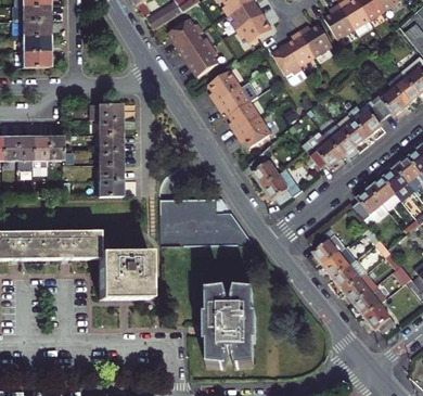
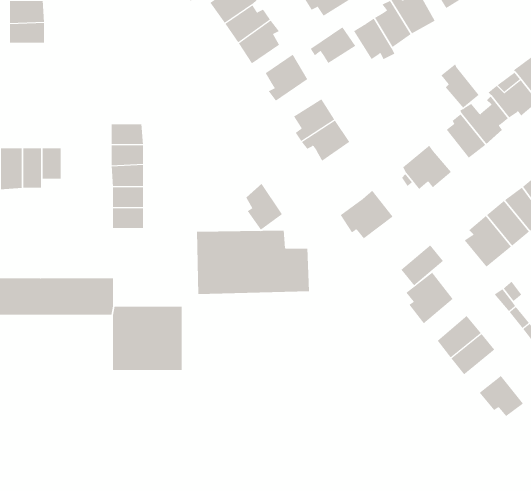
building: [217,88,251,115] -> [310,26,356,64]
building: [89,105,120,120] -> none
building: [329,123,357,155] -> [440,64,479,108]
building: [253,152,280,187] -> [246,183,283,230]
building: [324,247,356,278] -> [401,244,444,286]
building: [354,284,387,316] -> none
building: [203,291,256,369] -> none

